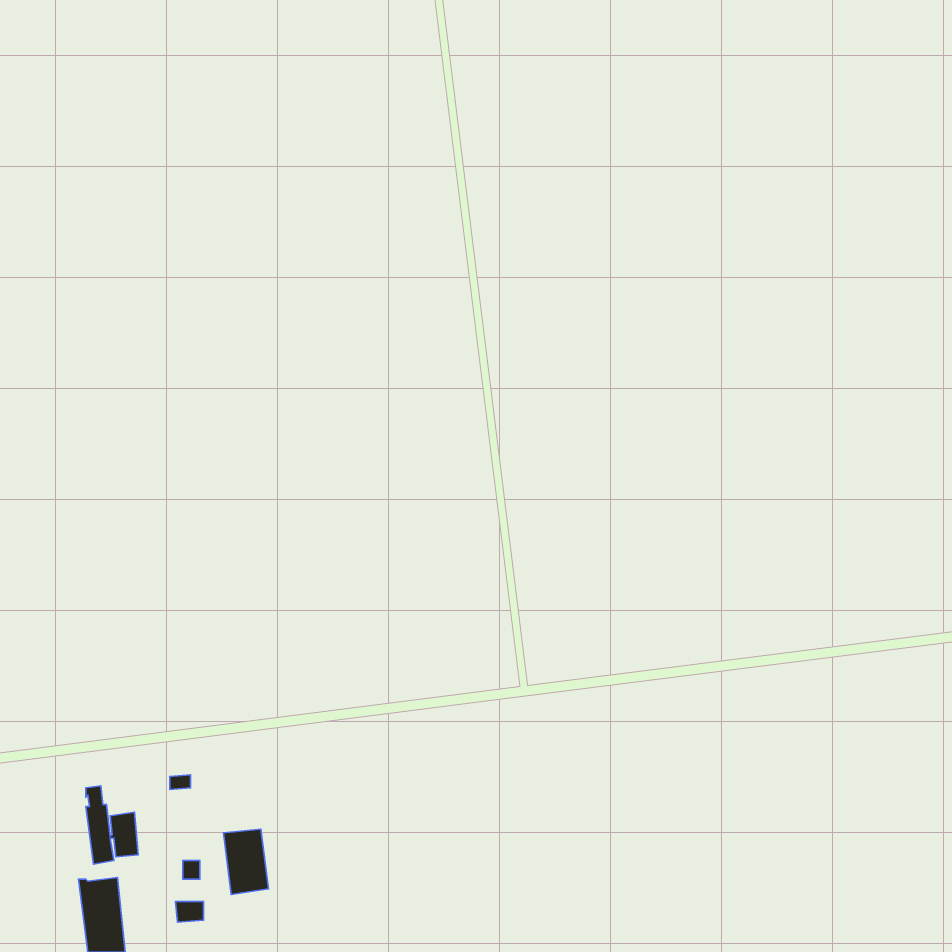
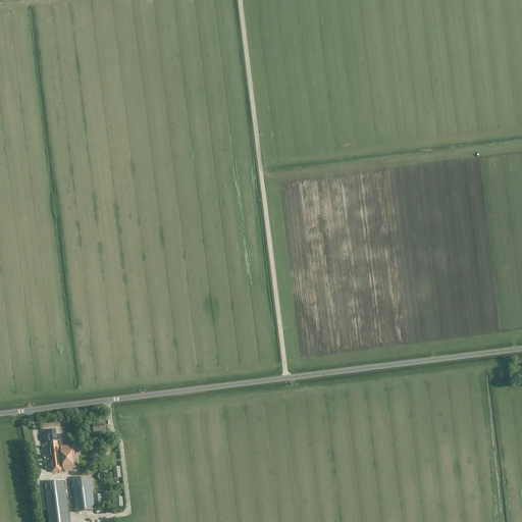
building: [224,829,268,895] -> [71,476,96,512]

